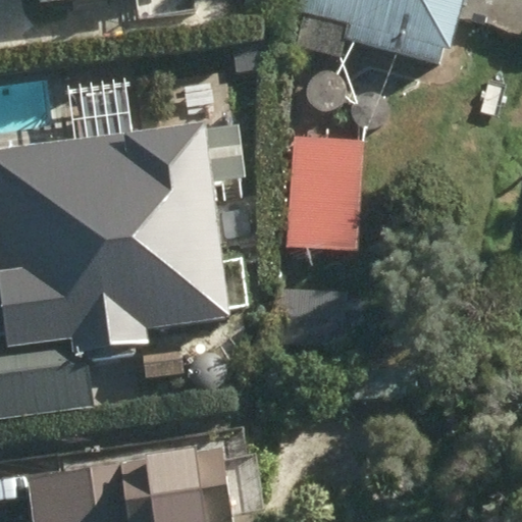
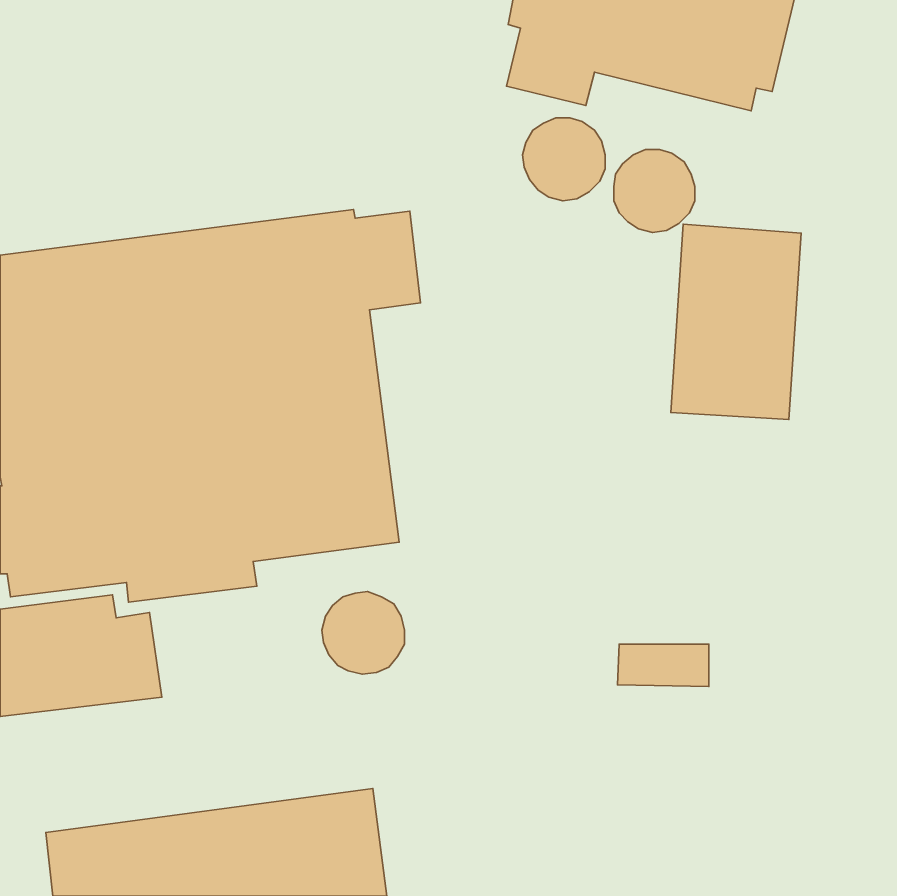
building: [284,142,360,255] -> [671,224,801,420]

